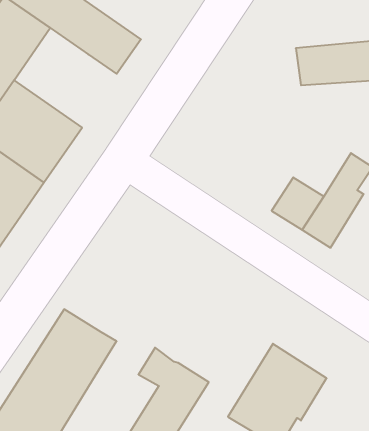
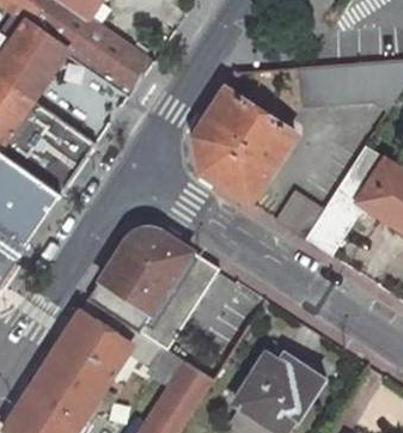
building: none -> [191,86,294,203]
building: none -> [86,231,220,347]

